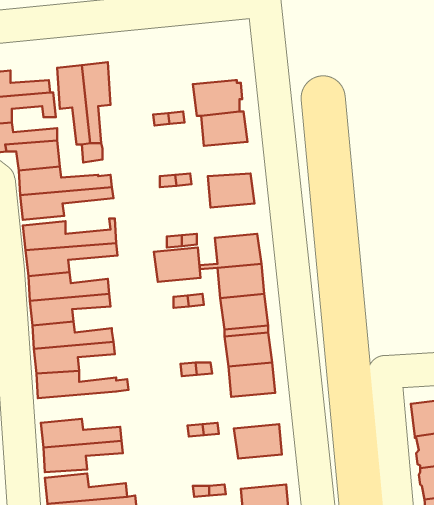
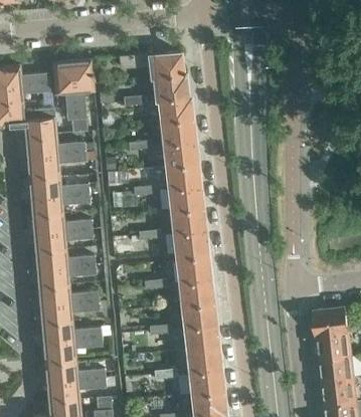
building: none -> [121,51,184,76]
building: none -> [161,118,195,143]
building: [154,248,200,282] -> [166,163,200,188]
building: none -> [39,300,98,324]
building: none -> [181,301,216,328]
building: none -> [186,347,221,372]

